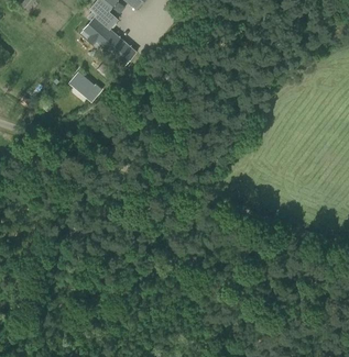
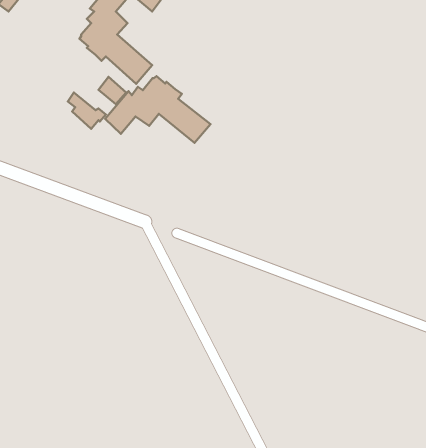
building: none -> [105,76,210,143]

